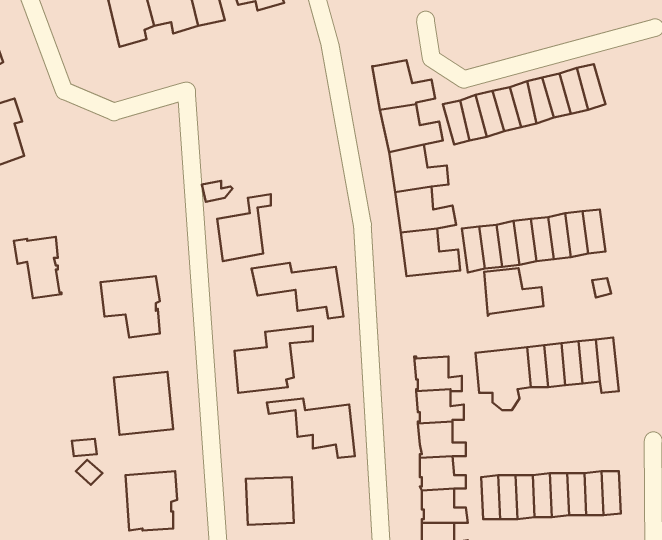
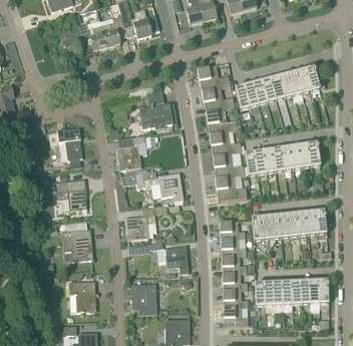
building: none -> [139,90,171,128]
building: [14,237,62,298] -> [57,127,82,159]
building: [484,268,543,316] -> [216,176,247,201]

